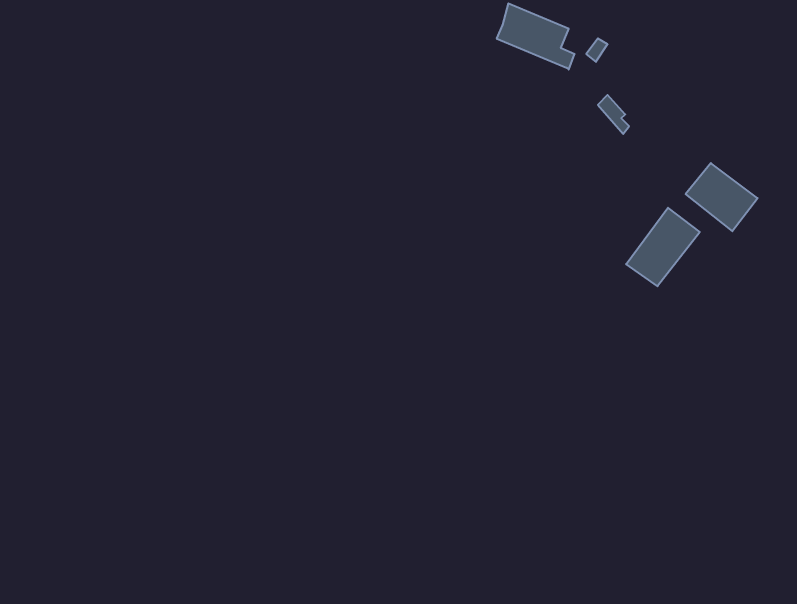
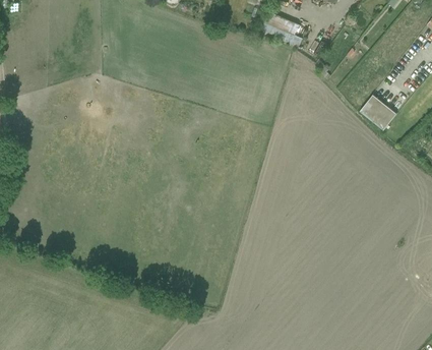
building: [626,208,700,286] -> none

